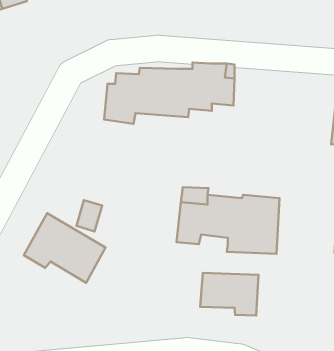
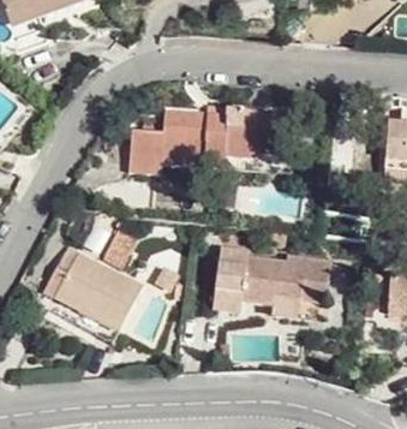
building: [200,273,258,316] -> none

